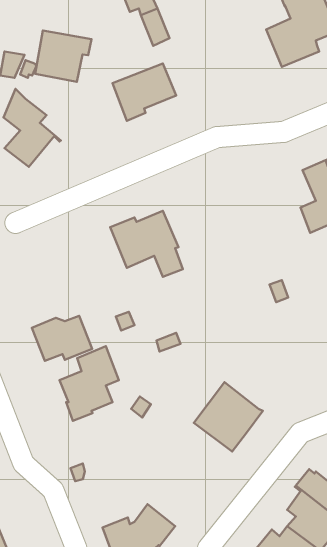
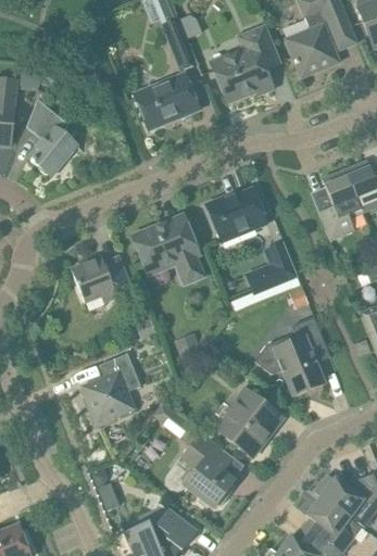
building: none -> [212,23,280,102]
building: [35,31,91,82] -> none
building: none -> [205,189,266,240]
building: none -> [263,242,297,286]
building: none -> [254,316,330,395]
building: [32,316,92,361] -> [71,256,130,301]
building: none -> [164,424,235,507]

